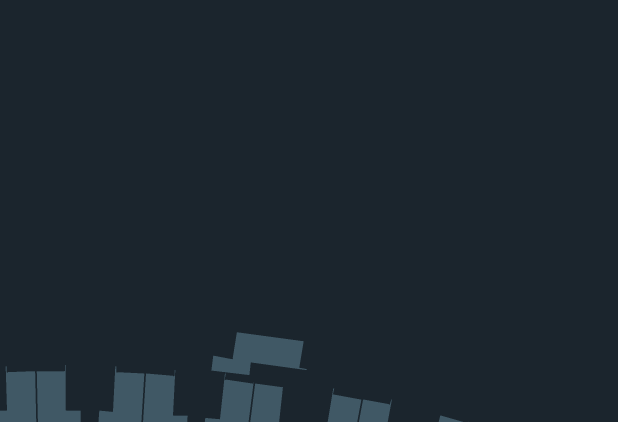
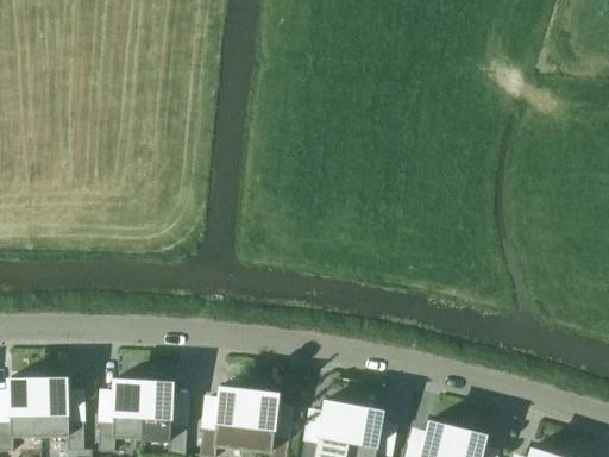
building: [211,332,310,376] -> none

